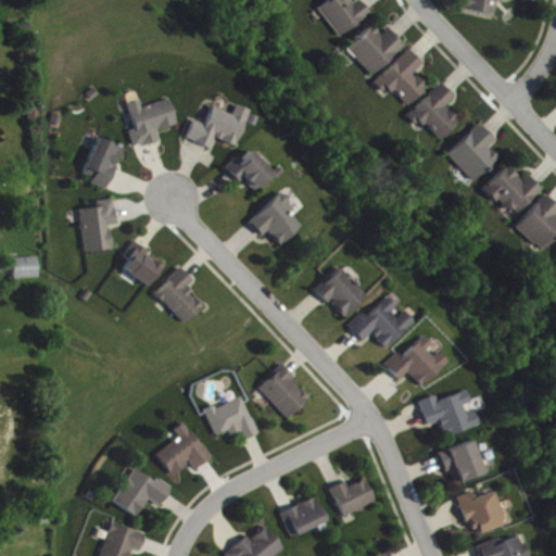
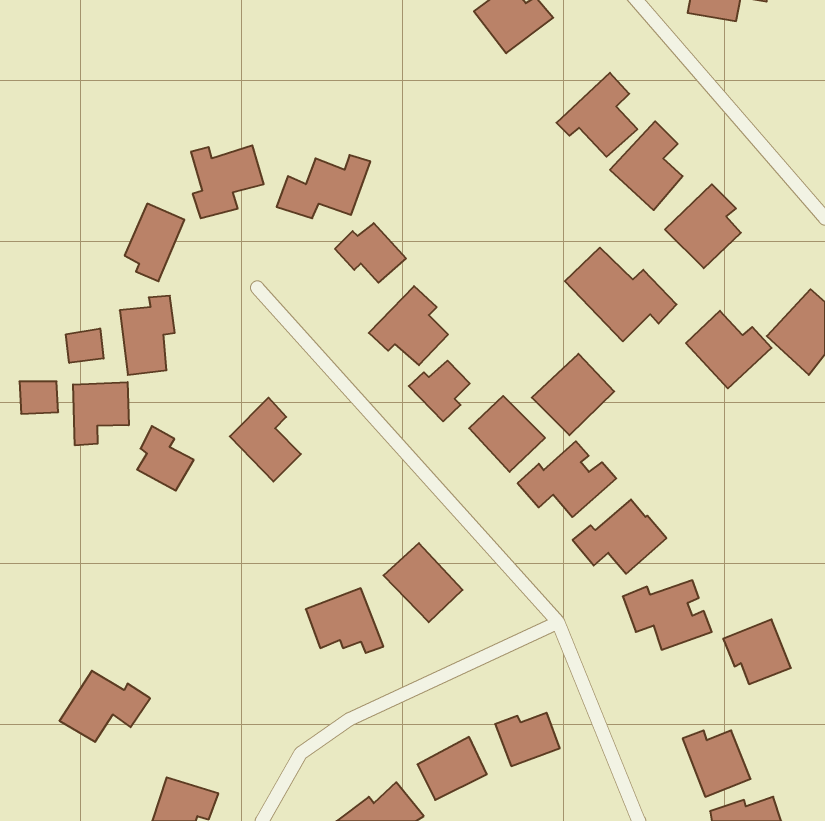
building: [346,24,405,76] -> none
building: [484,164,542,216] -> [686,311,772,388]
building: none -> [565,248,677,341]
building: none -> [66,328,104,363]
building: none -> [532,354,614,435]
building: [123,241,161,285] -> [137,426,194,491]
building: none -> [409,361,470,421]
building: none -> [73,382,129,445]
building: [156,420,210,475] -> none
building: [438,440,483,483] -> [723,619,791,684]
building: [112,468,173,516] -> [59,671,150,742]

